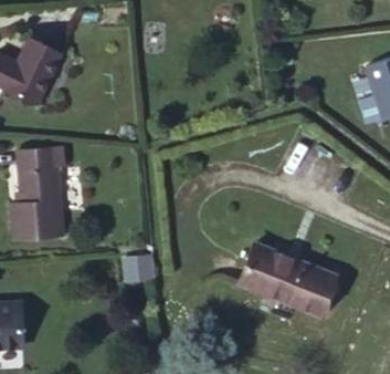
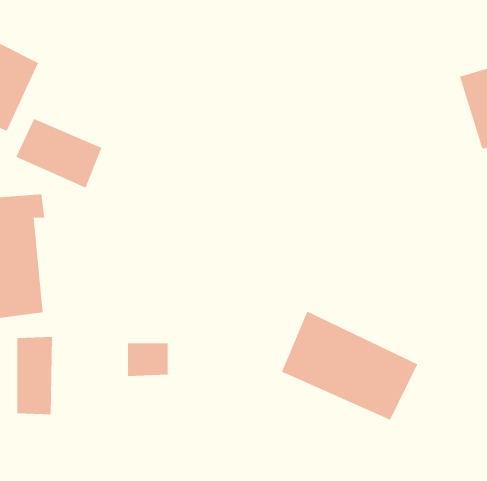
building: none -> [15,118,102,189]
building: none -> [17,336,53,415]

